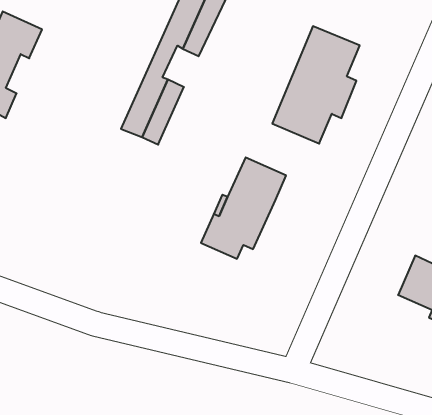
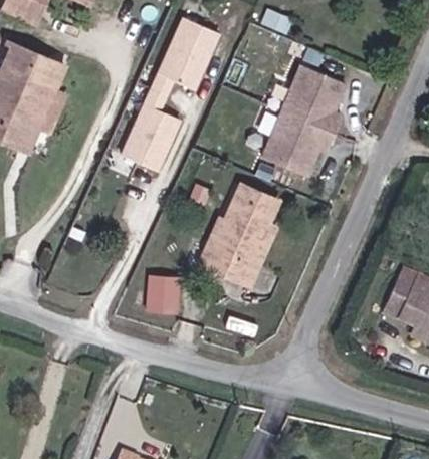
building: none -> [14,61,63,150]
building: none -> [232,222,277,286]
building: none -> [145,268,184,309]

